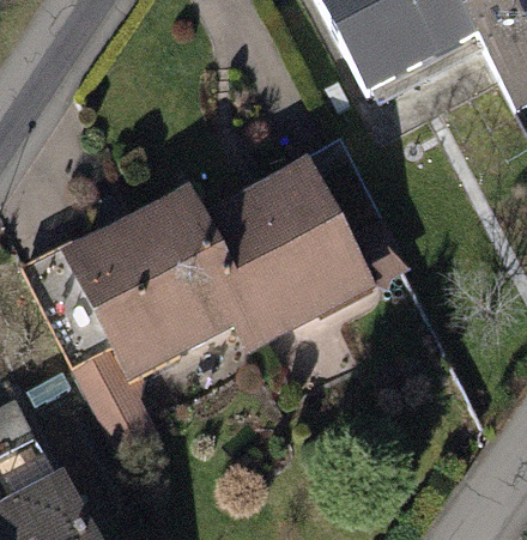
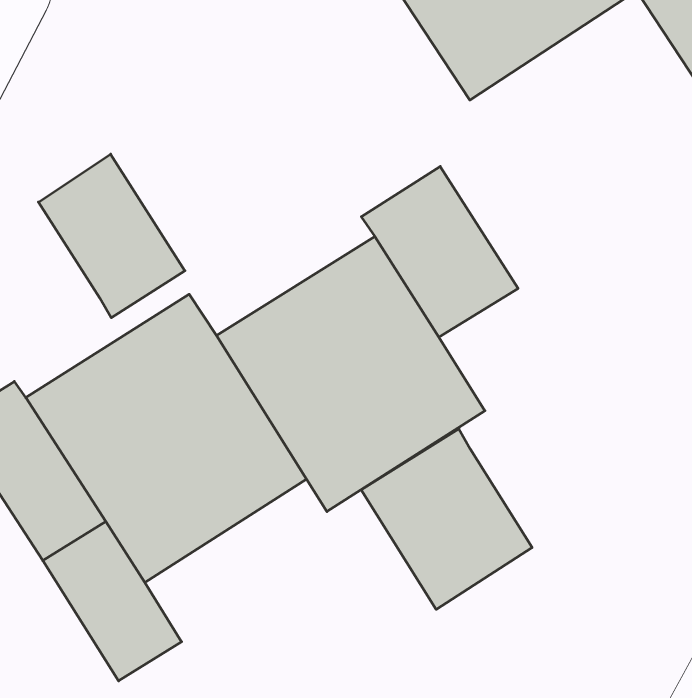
building: none -> [38,154,185,318]
building: none -> [361,429,532,609]

